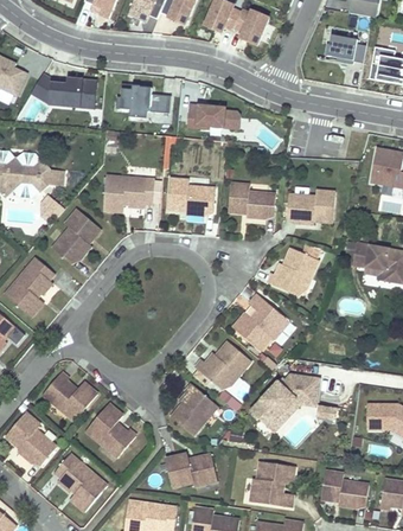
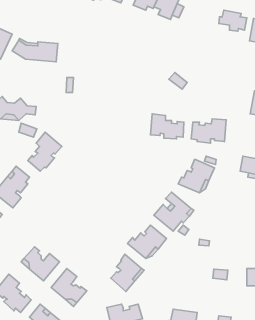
building: [121,83,172,119] -> none
building: [188,102,241,129] -> none
building: [102,175,154,212] -> none
building: [167,178,216,215] -> none
building: [248,372,318,426] -> none

